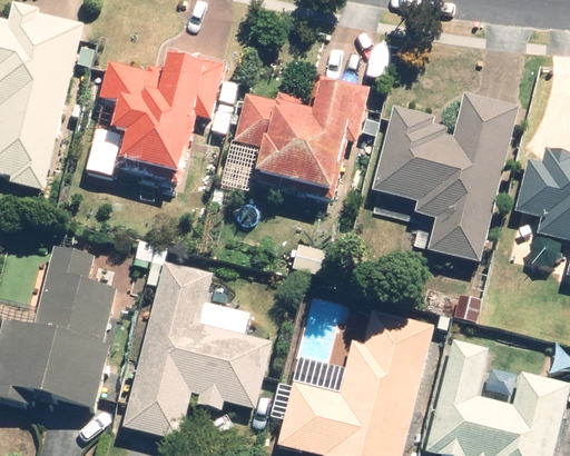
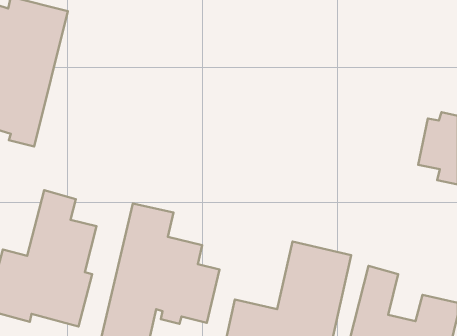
building: [85,56,225,181] -> none
building: [237,83,363,192] -> none
building: [368,95,517,259] -> none

